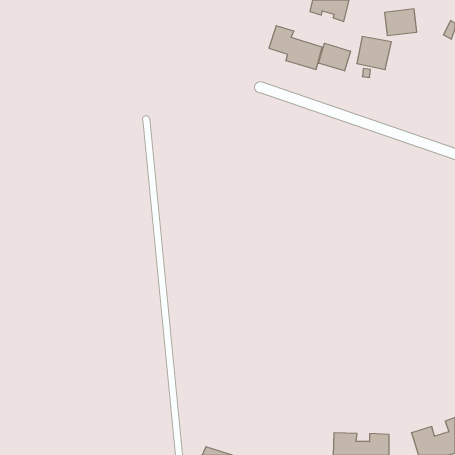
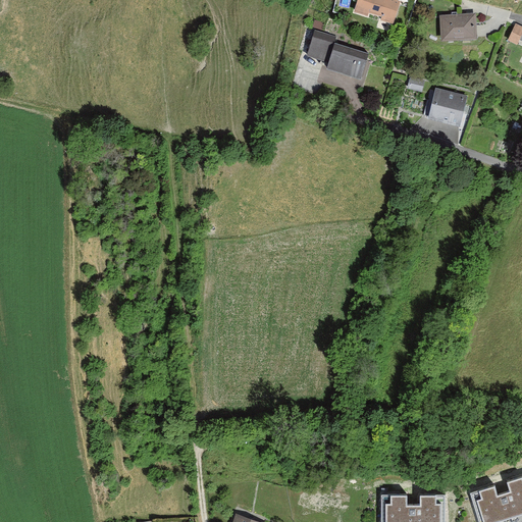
building: [357,37,391,70] -> [429,91,469,128]
building: [319,43,351,71] -> none

